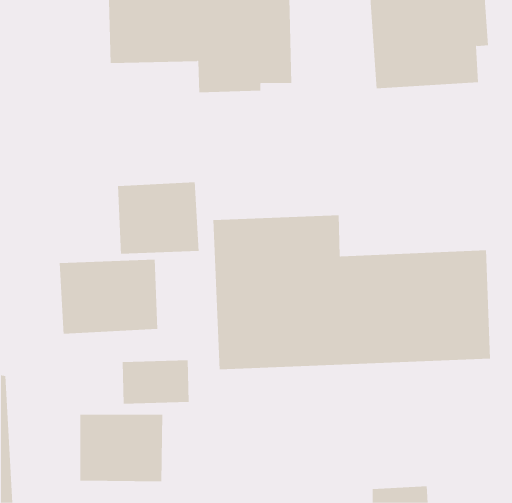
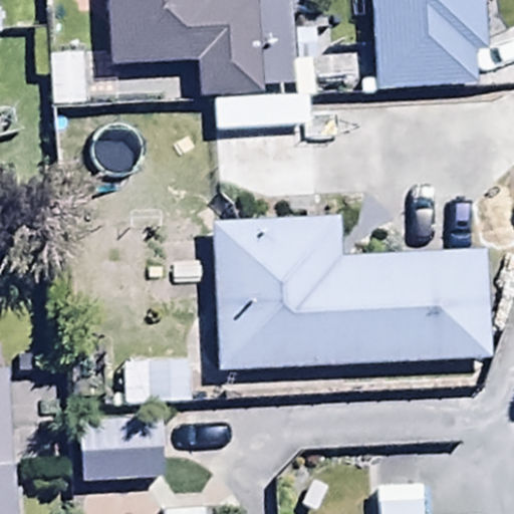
building: [118,181,199,255] -> none
building: [59,259,158,334] -> none

